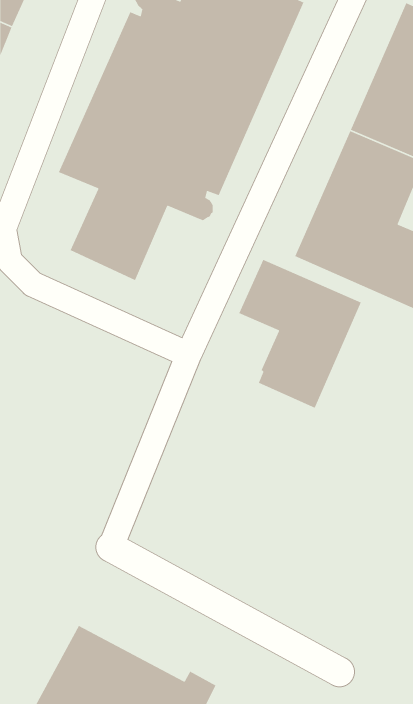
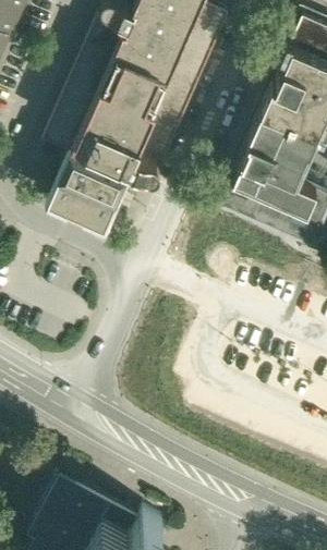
building: [238,259,362,409] -> none

